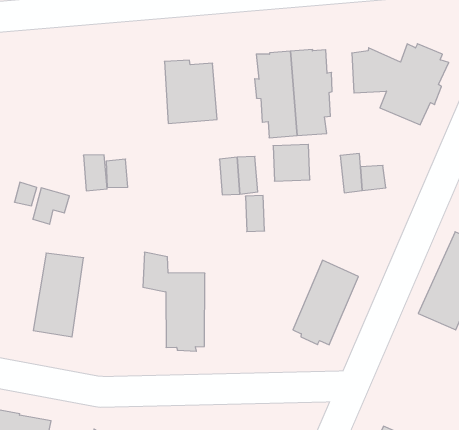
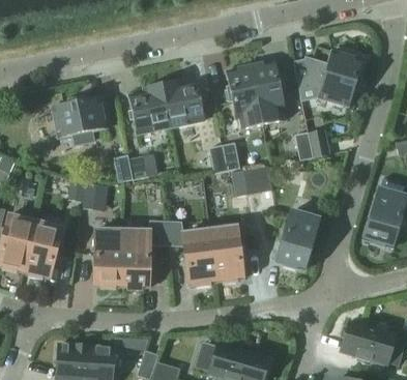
building: none -> [128,84,170,134]
building: none -> [52,96,108,145]
building: [273,144,310,181] -> [243,166,272,195]
building: none -> [121,221,167,288]
building: none -> [209,226,243,282]

